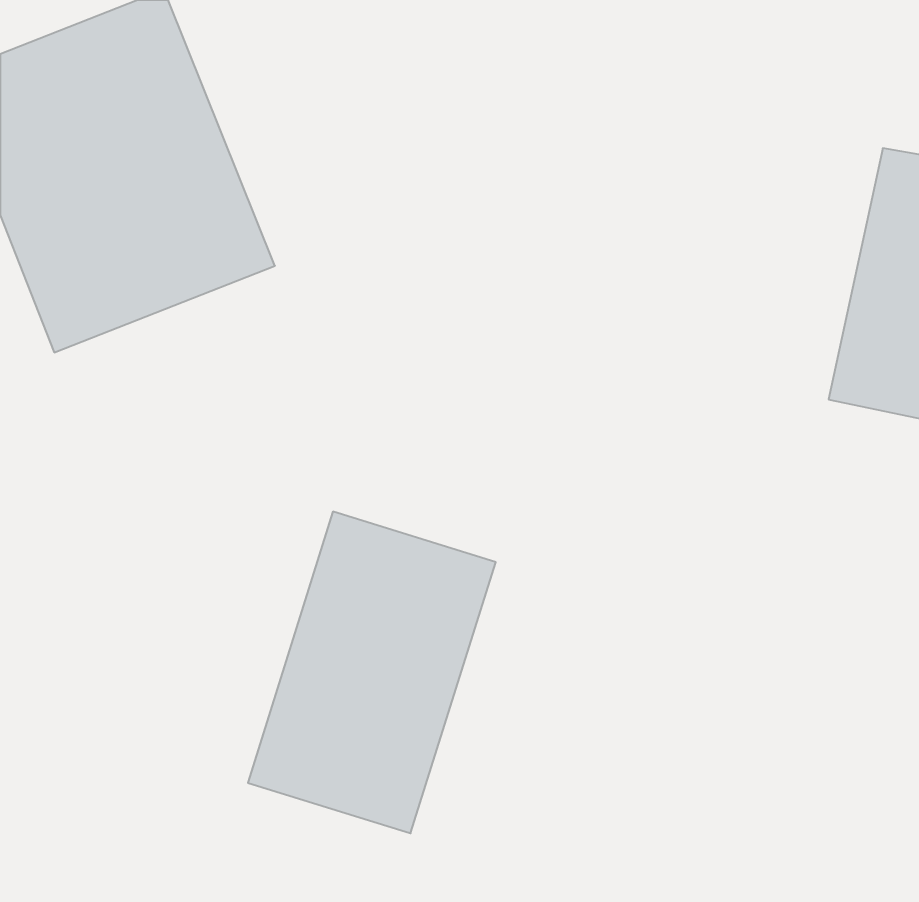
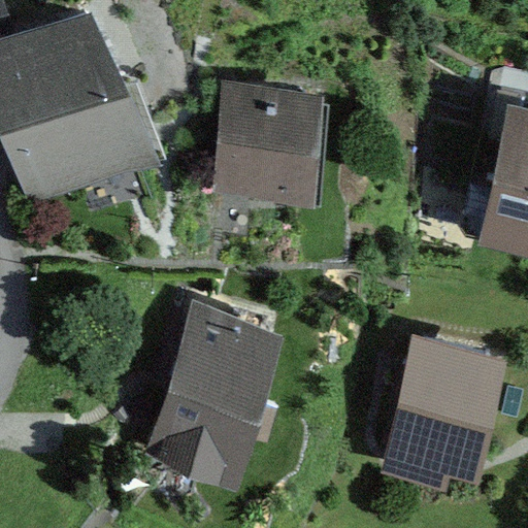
building: none -> [216,86,326,209]
building: none -> [377,331,501,484]

